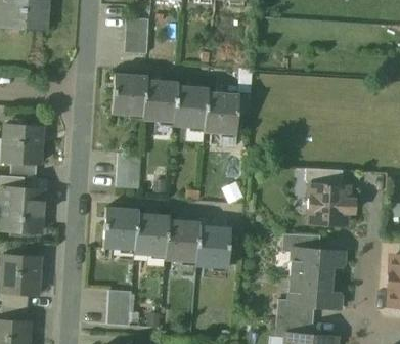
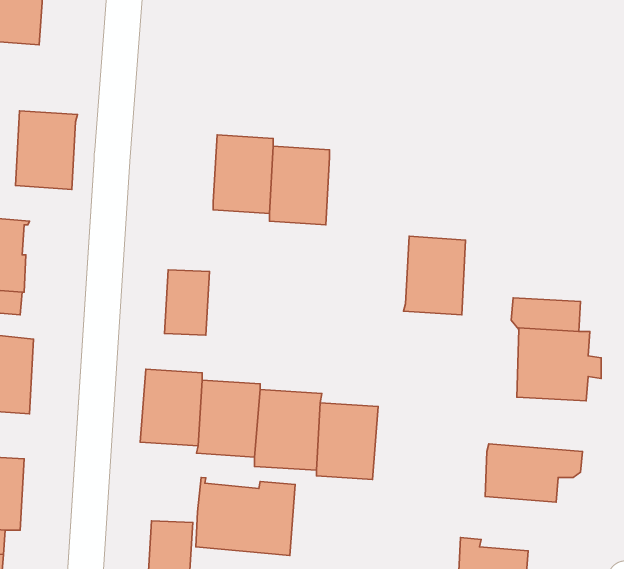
building: [124,19,147,54] -> none
building: [112,74,145,117] -> [16,111,77,189]
building: [203,92,236,135] -> [404,236,465,315]
building: [281,234,320,253] -> none
building: none -> [196,477,295,556]
building: [287,277,341,309] -> none

